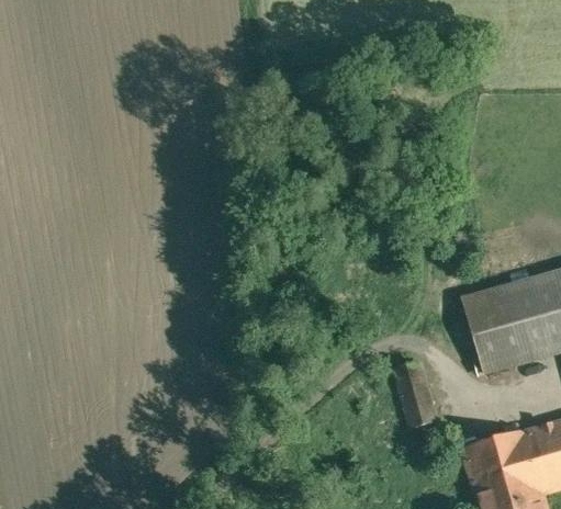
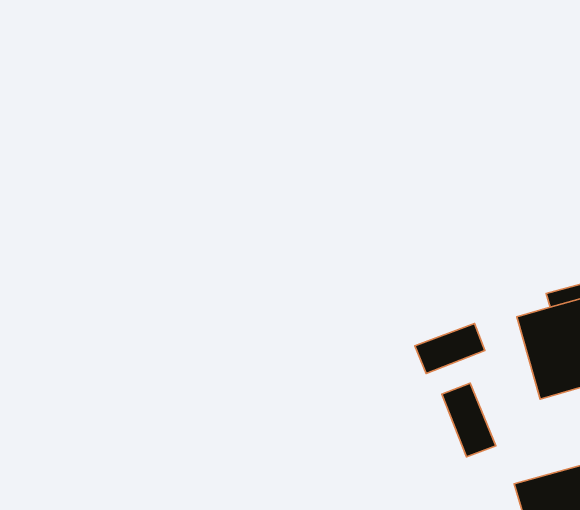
building: none -> [415,323,485,373]

